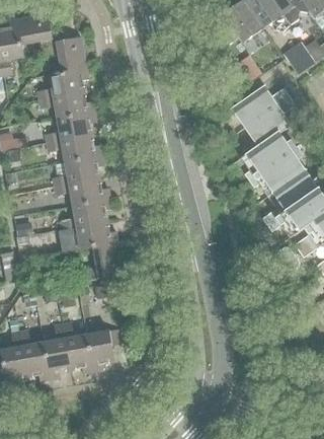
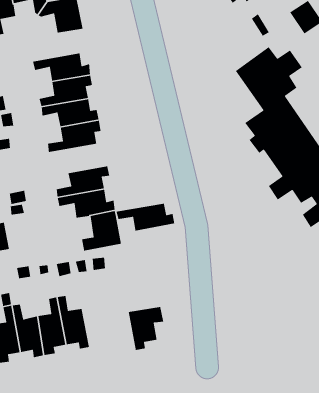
building: [37,68,89,98] -> none
building: [54,177,110,205] -> [116,203,175,231]
building: [86,328,120,371] -> [128,306,164,351]

